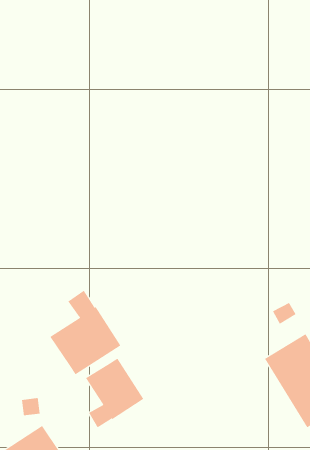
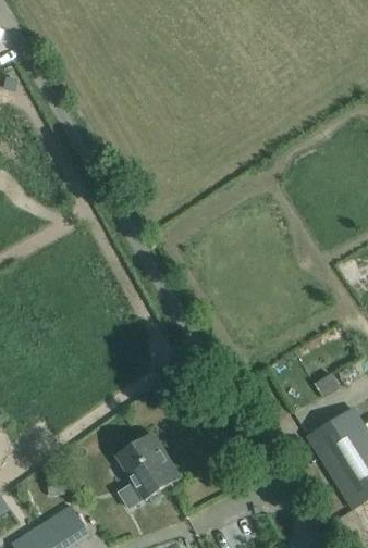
building: [50,290,121,375] -> none

